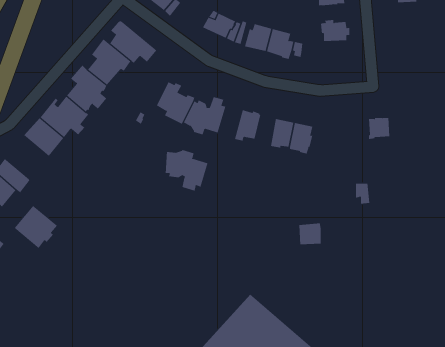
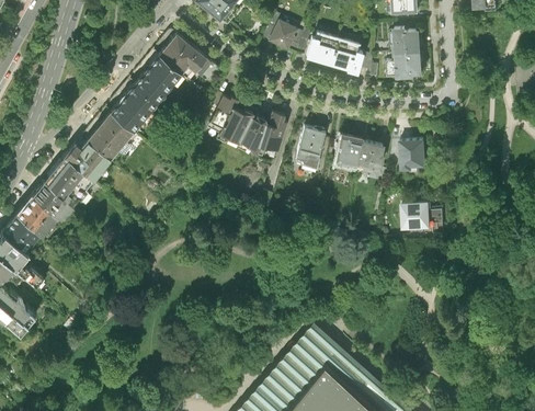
building: none -> [386,52,424,77]
building: [368,118,390,140] -> [400,144,424,168]
building: [165,149,208,191] -> none
building: [14,205,58,249] -> [43,156,91,204]
building: [298,223,321,245] -> [402,202,428,226]

